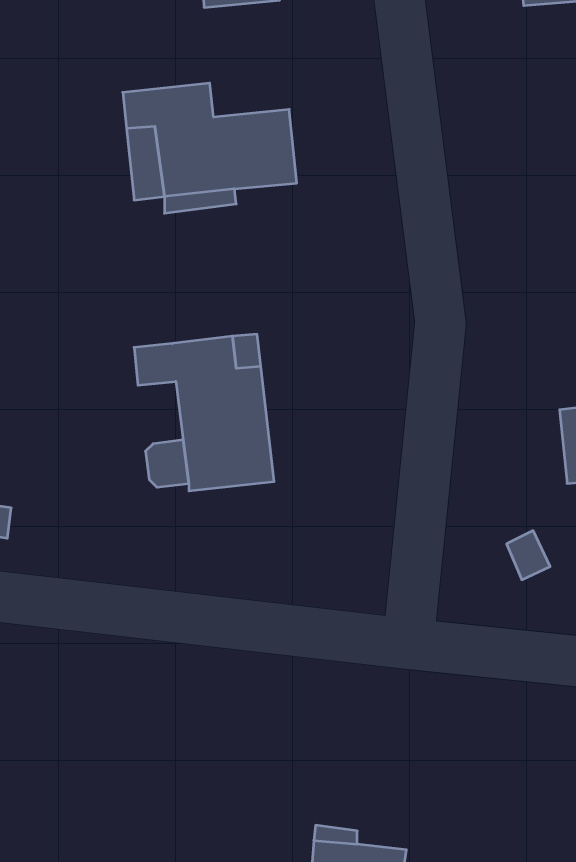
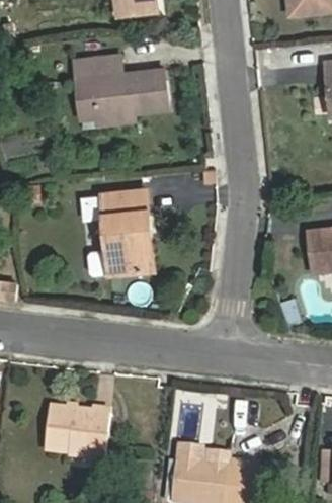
building: none -> [45,405,105,457]

